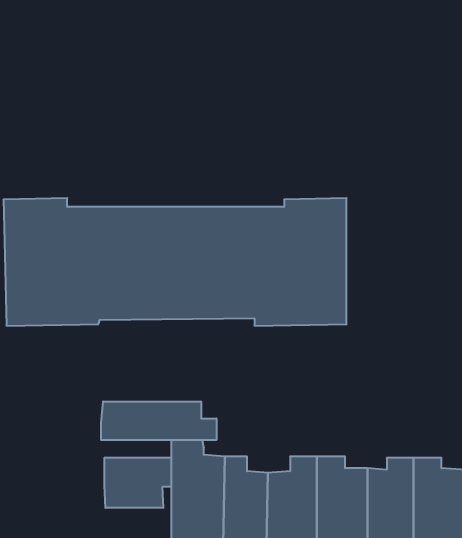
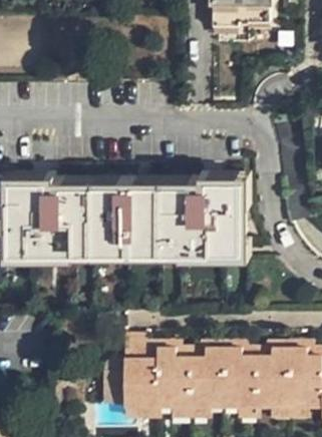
building: [101,401,216,440] -> none
building: [104,458,171,508] -> none

